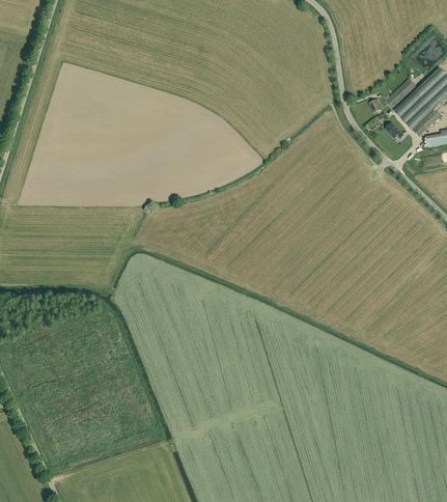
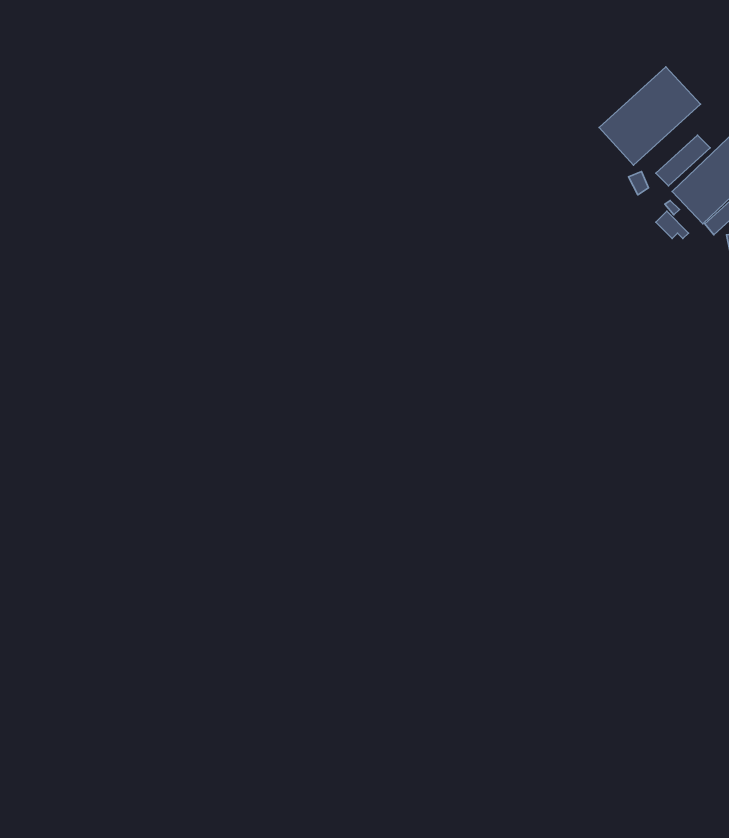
building: none -> [599,67,700,165]

